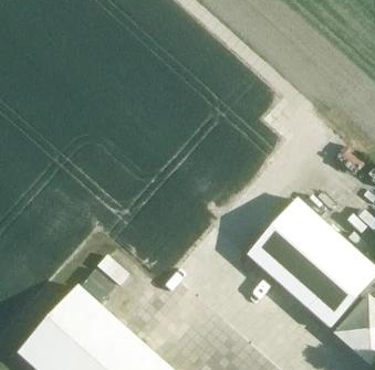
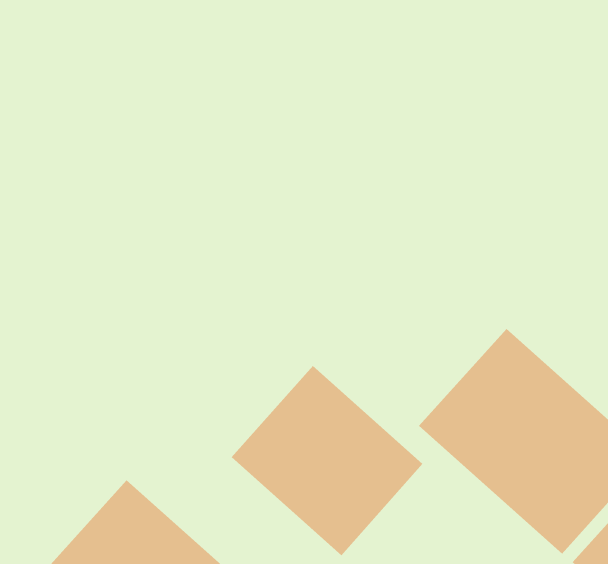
building: none -> [231,365,423,556]

